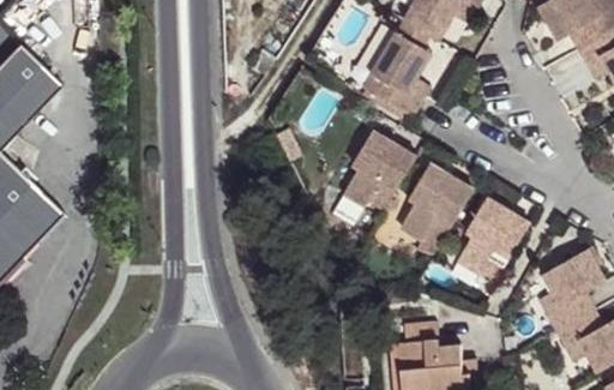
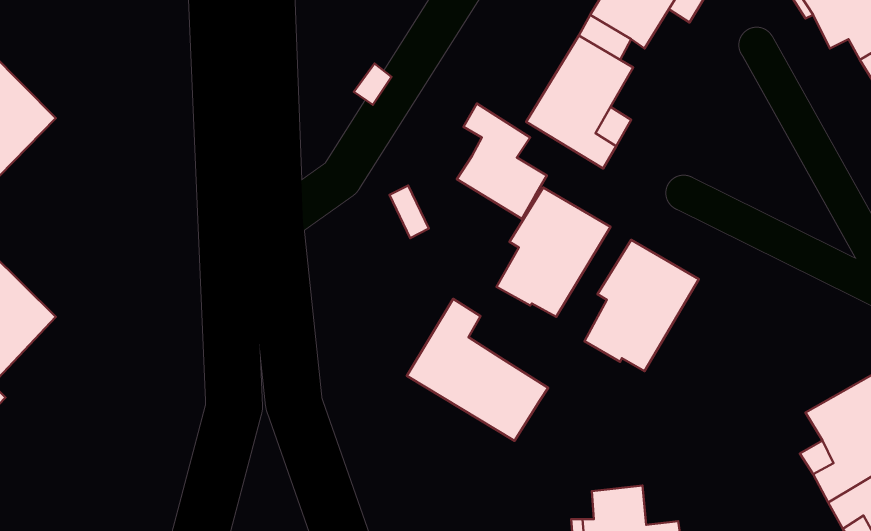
building: none -> [457,104,547,219]
building: [456,197,530,282] -> none
building: none -> [407,299,548,441]

